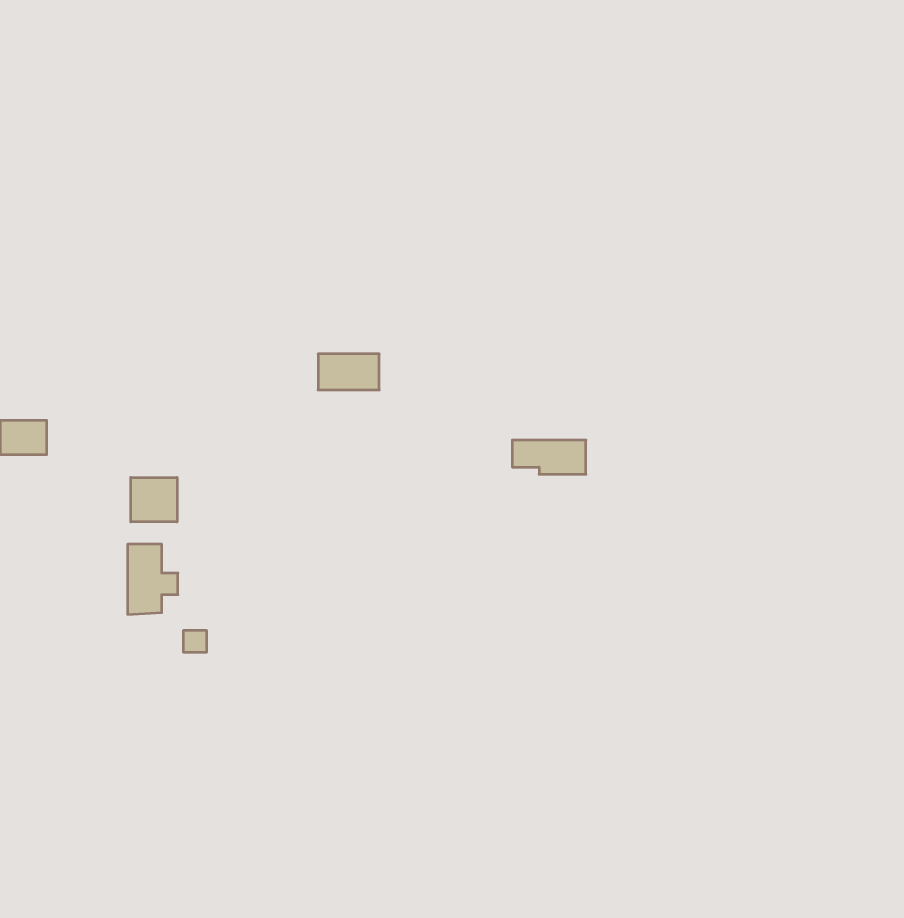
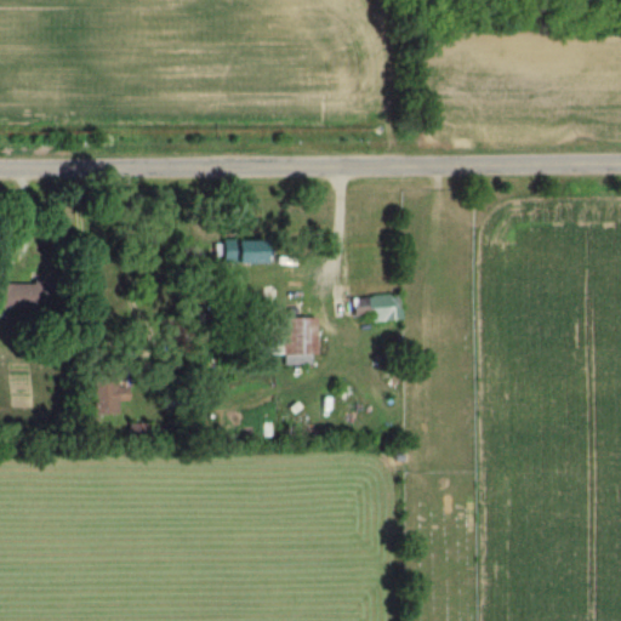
building: none -> [285,318,319,365]
building: [131,477,177,522] -> none

